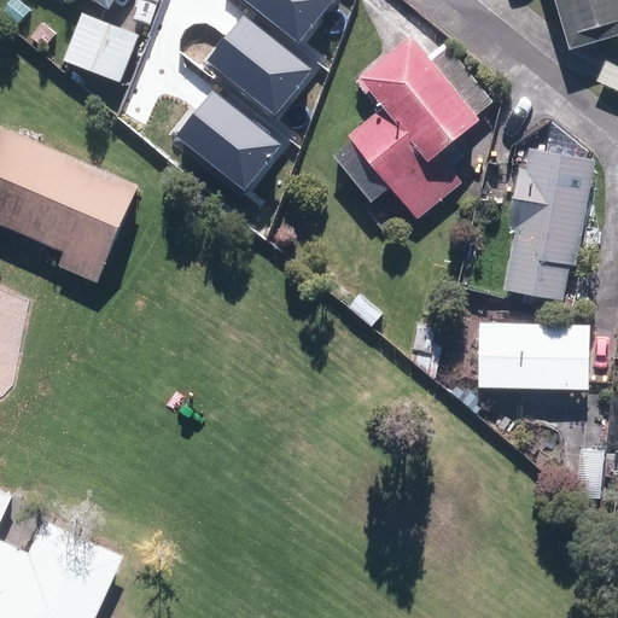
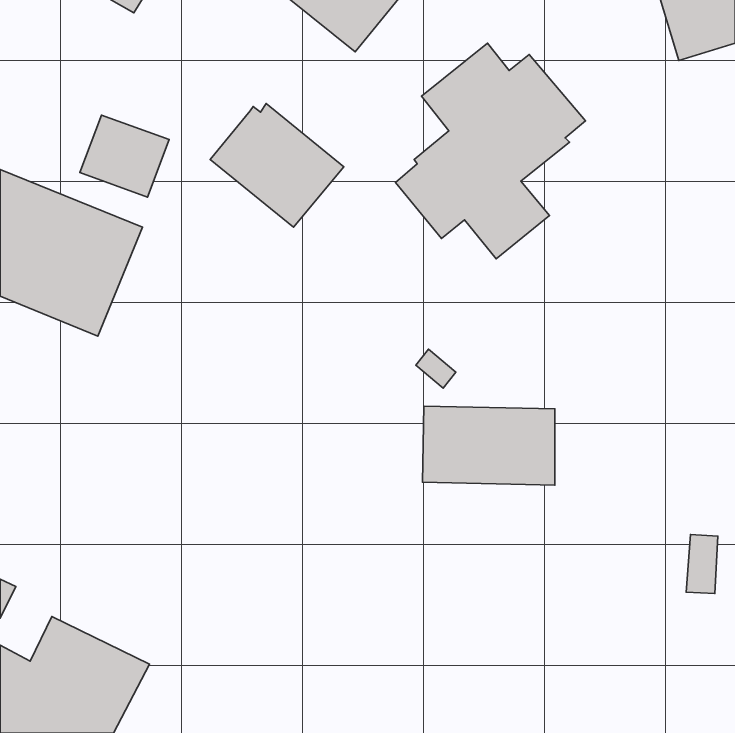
building: [208,12,320,116] -> none
building: [64,14,139,83] -> [80,115,169,197]
building: [502,148,594,299] -> none
building: [477,322,588,389] -> [422,406,555,485]

